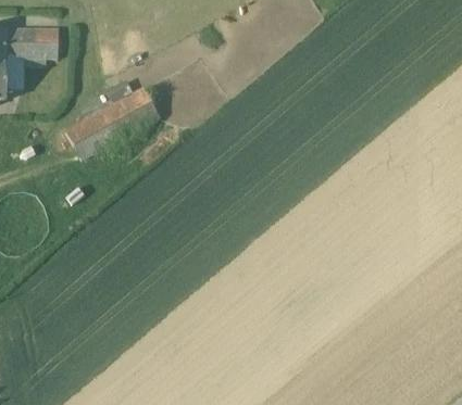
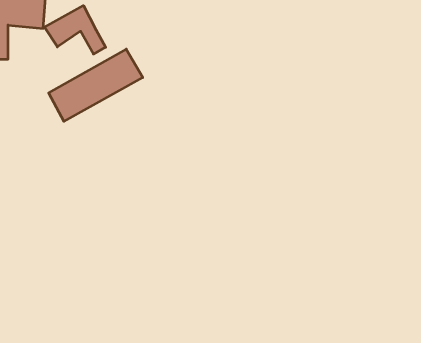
building: none -> [44,6,106,54]

